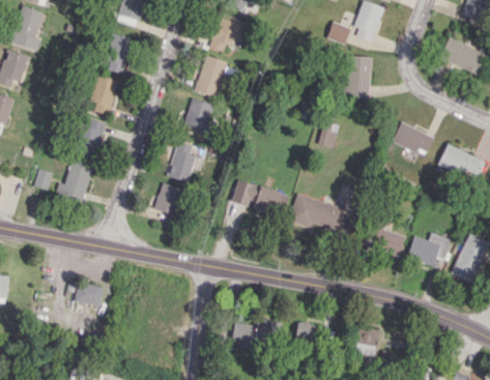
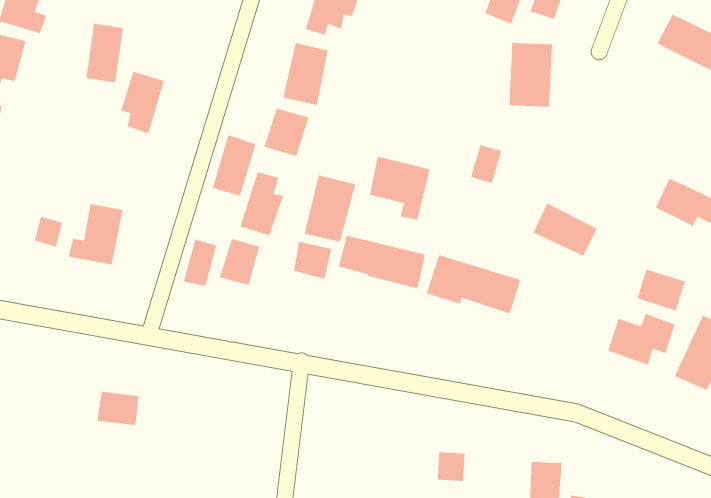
building: [106,34,131,74] -> [86,23,124,83]
building: [77,117,106,157] -> [212,134,256,196]
building: [392,121,434,156] -> [533,203,598,257]
building: none -> [369,156,431,221]
building: none -> [304,175,356,242]
building: none -> [183,238,217,287]
building: none -> [293,241,332,280]
building: [373,228,405,256] -> [636,268,686,311]
building: [231,317,281,347] -> none

